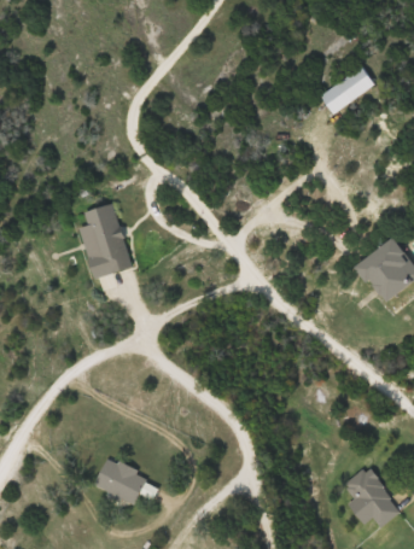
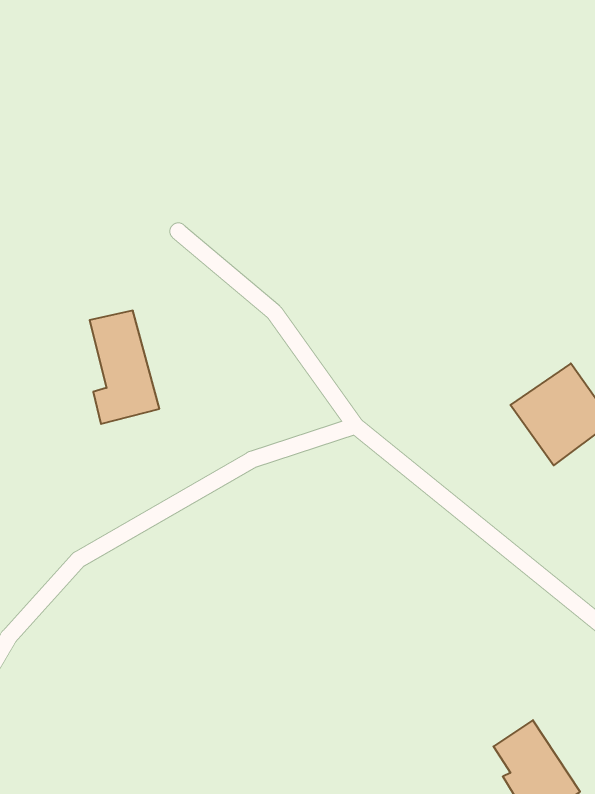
building: [319,66,374,115] -> none
building: [93,457,147,506] -> none

